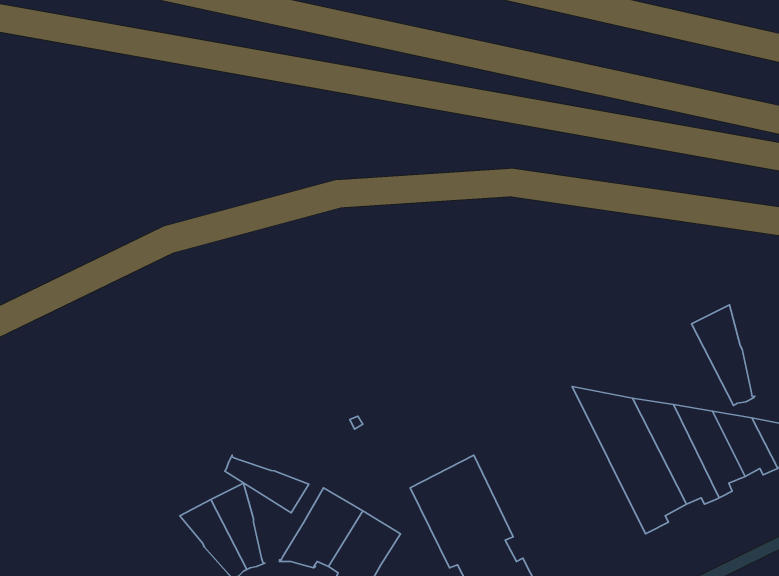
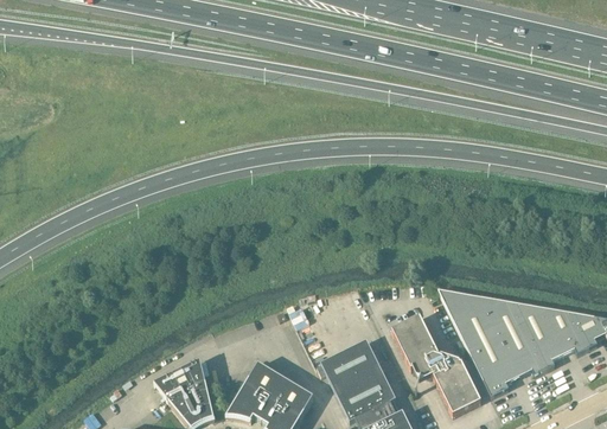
building: [692,305,755,405] -> none
building: none -> [391,315,480,415]
building: [225,455,309,513] -> none

